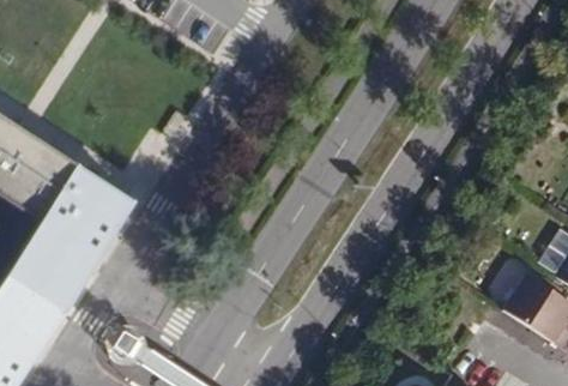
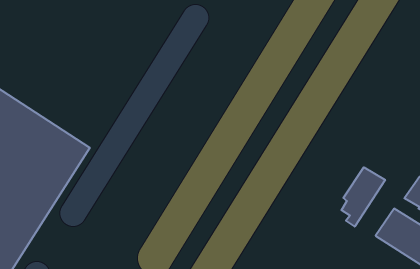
building: none -> [341,167,385,227]

